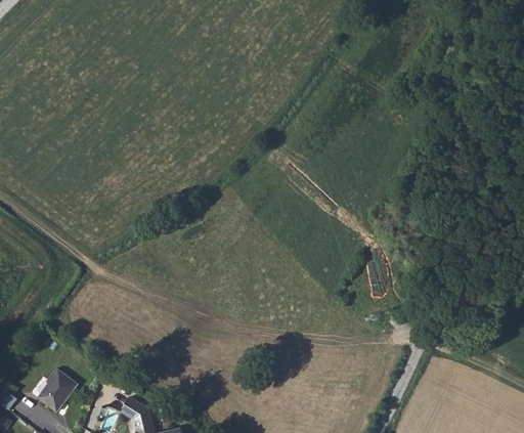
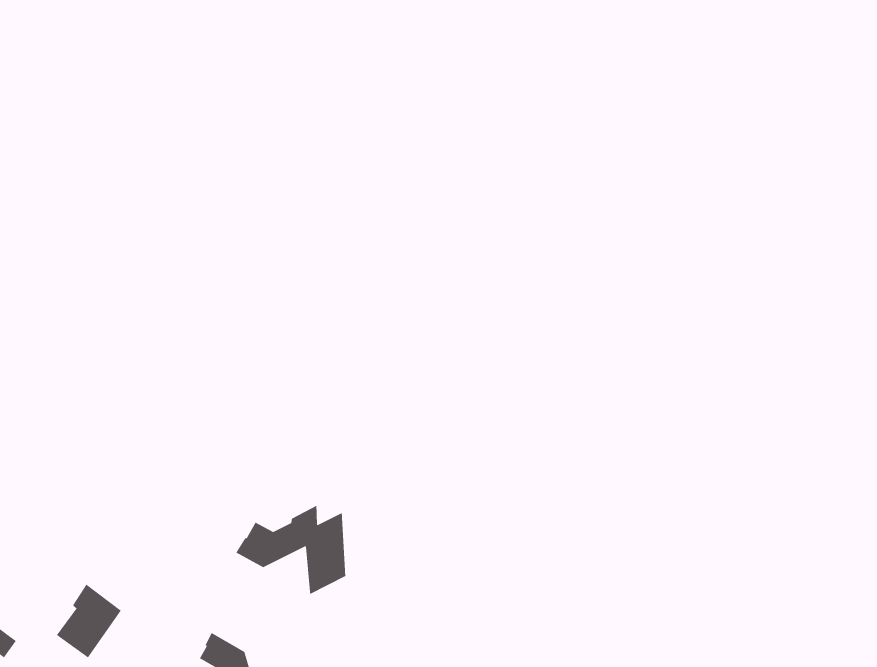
building: none -> [235,504,346,595]

